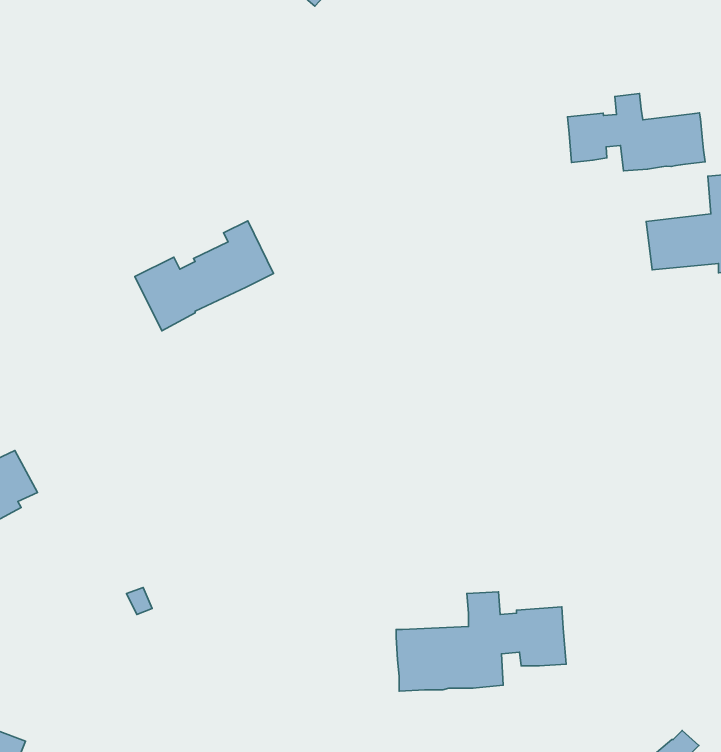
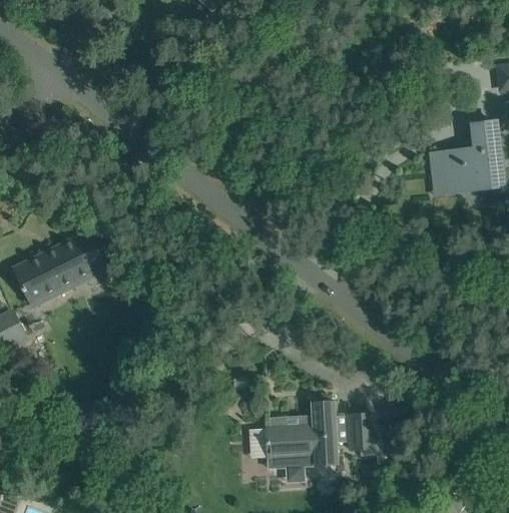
building: [567,94,705,171] -> none
building: [135,221,273,331] -> [11,230,103,304]

